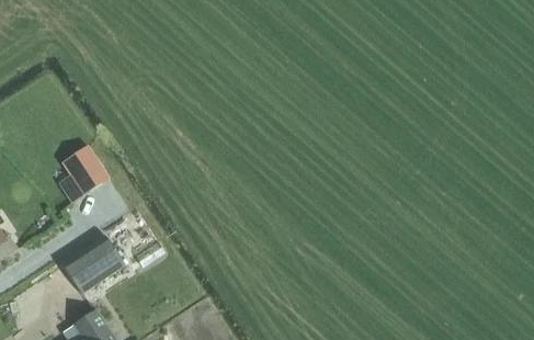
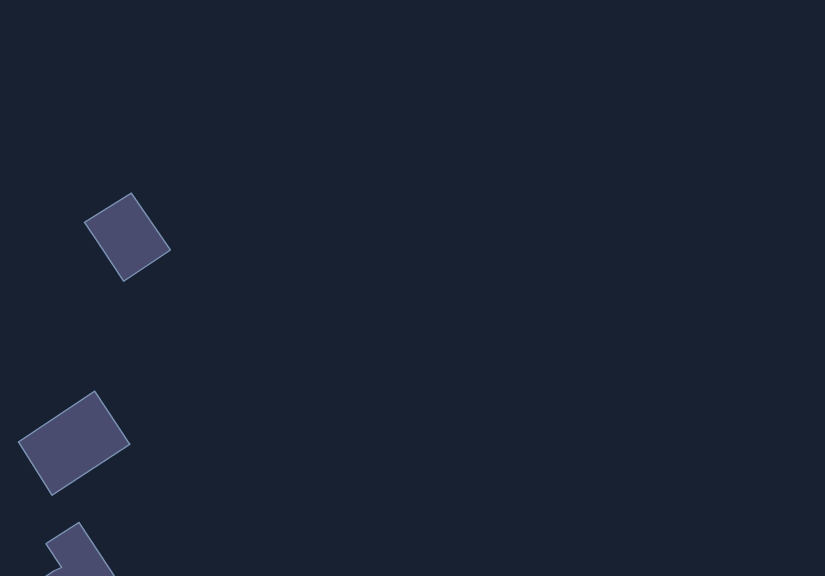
building: [61,145,110,194] -> [84,193,170,281]

